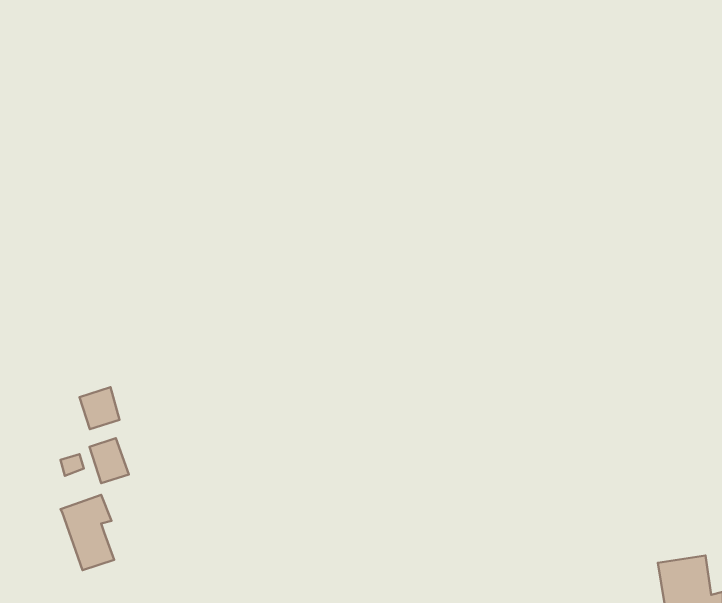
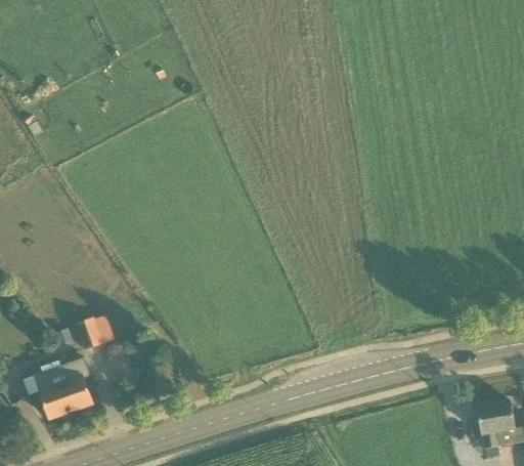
building: [80,387,119,429] -> none
building: none -> [34,368,70,419]

